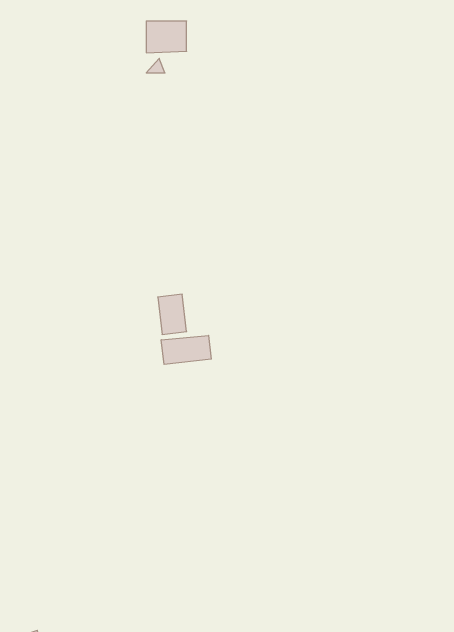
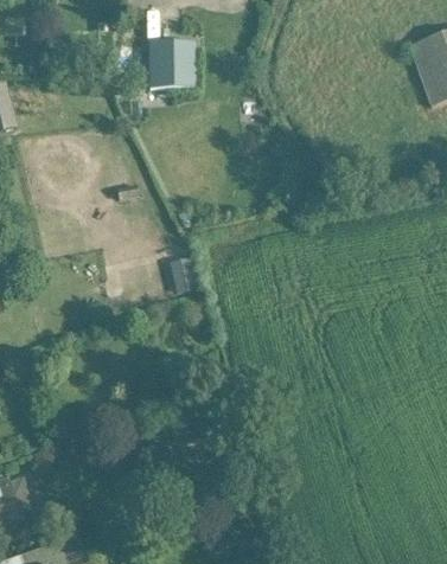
building: [161,335,211,364] -> none

